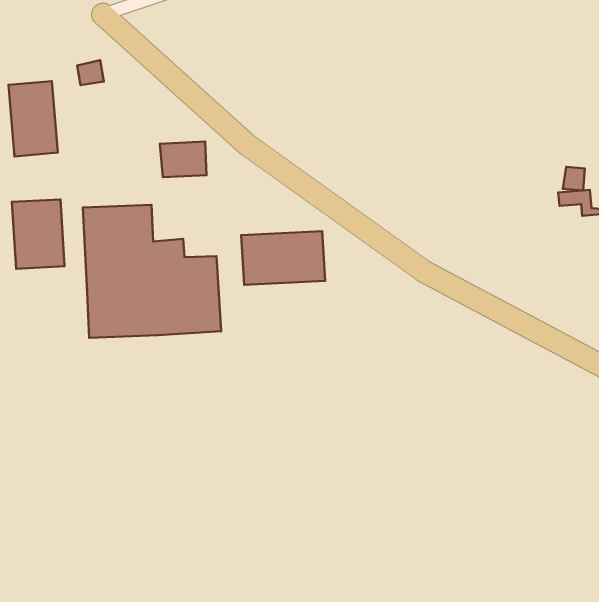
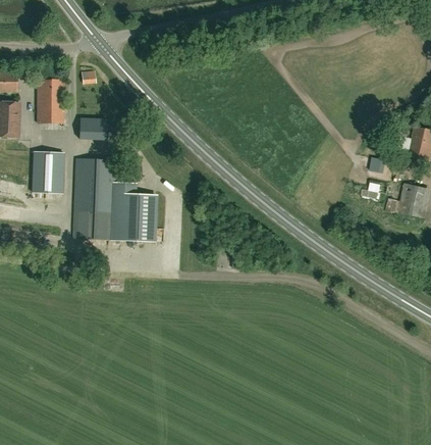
building: [160,142,206,177] -> [78,117,106,139]
building: [241,231,325,285] -> none

